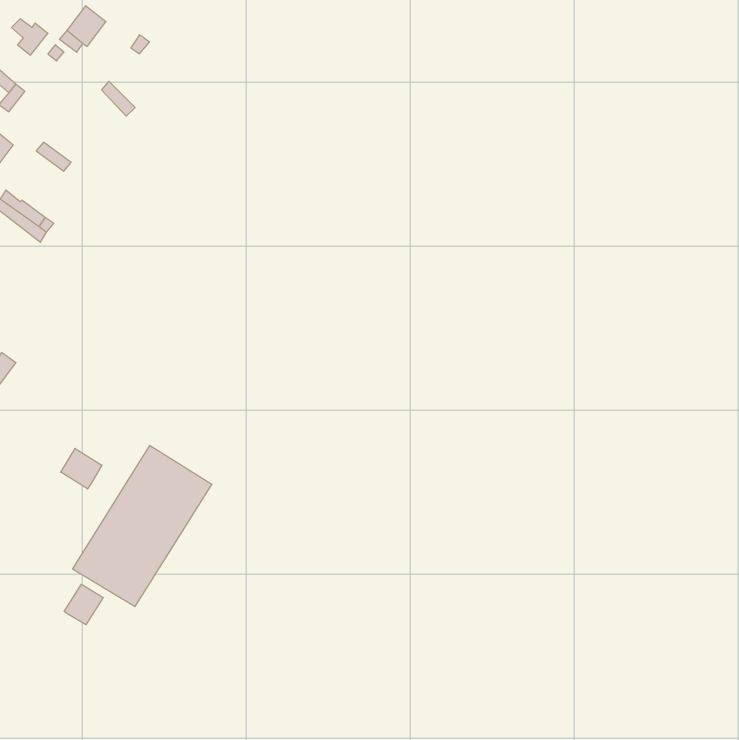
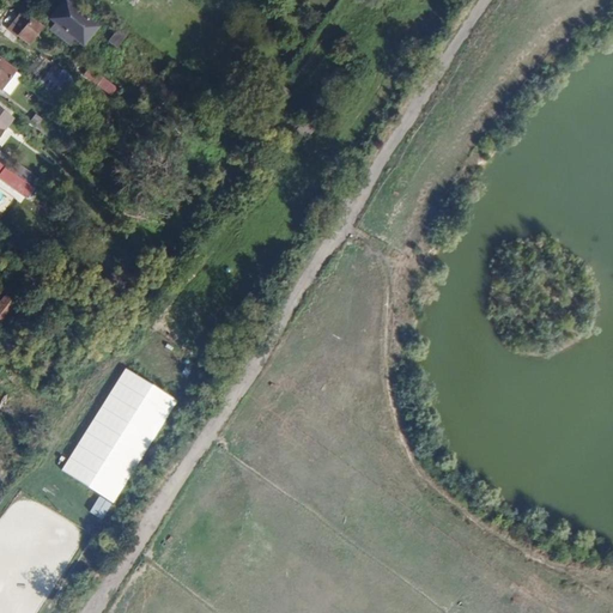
building: [61,448,102,489] -> none
building: [64,584,103,625] -> none

